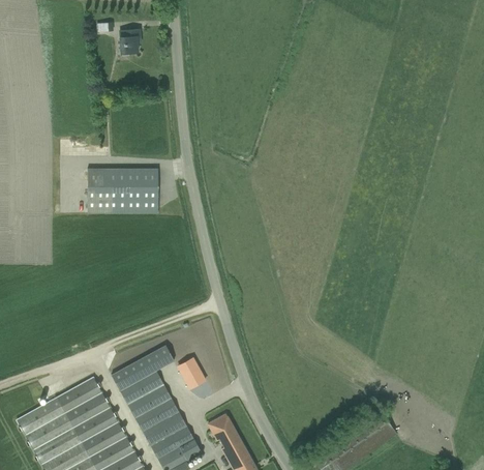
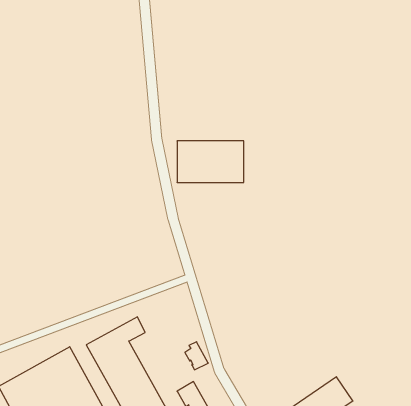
building: [119,29,140,54] -> none
building: [87,169,158,213] -> [177,141,244,182]
building: [180,358,205,388] -> [185,342,208,370]

